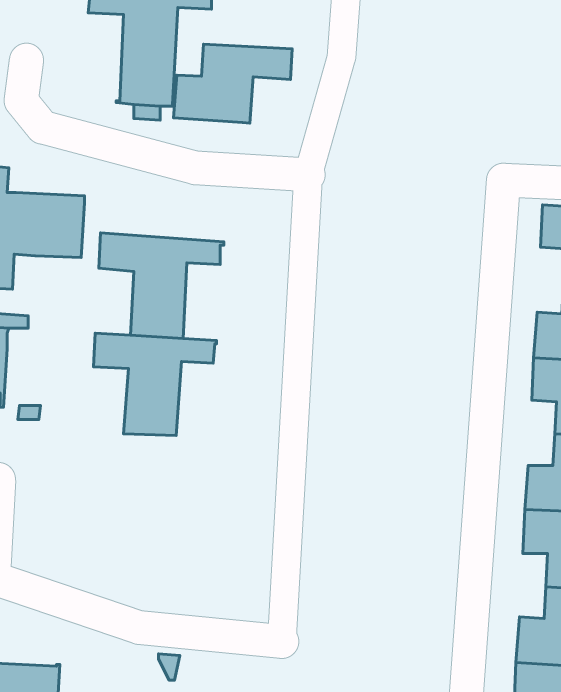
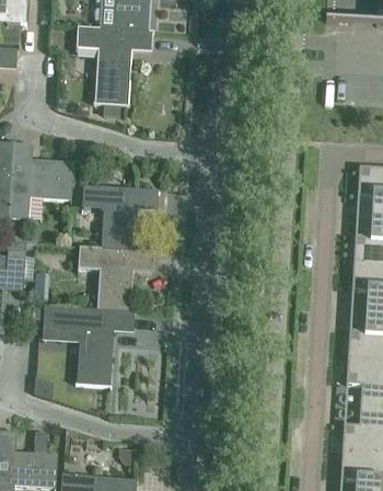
building: [174,44,292,123] -> none
building: none -> [32,305,136,386]

